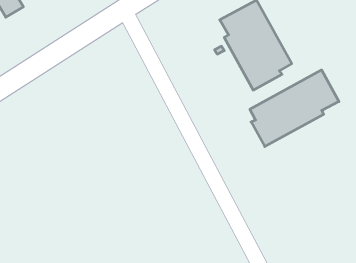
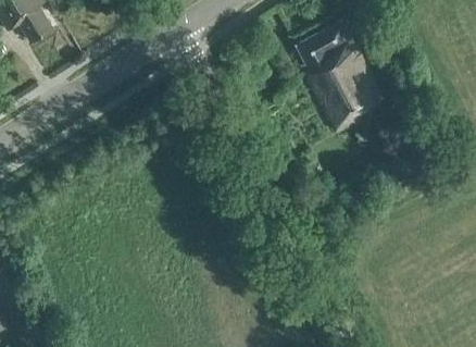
building: [250,70,339,147] -> none

